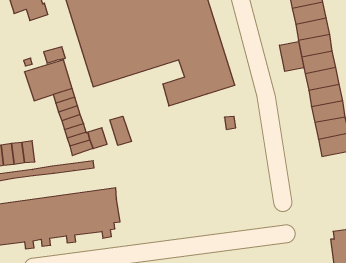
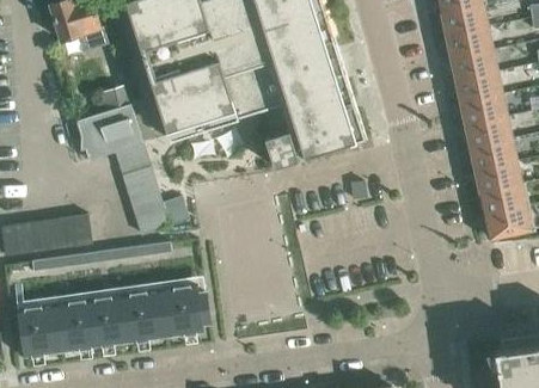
building: [280,41,304,71] -> none
building: [110,116,131,145] -> none

